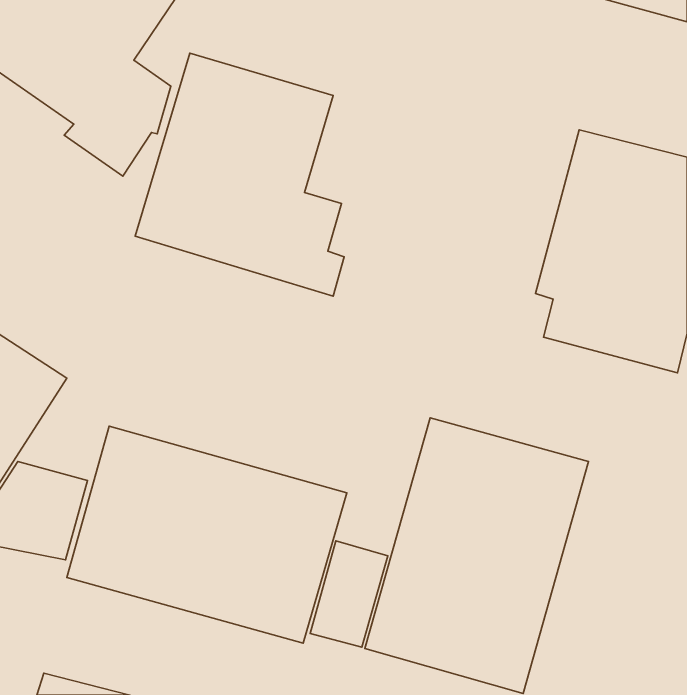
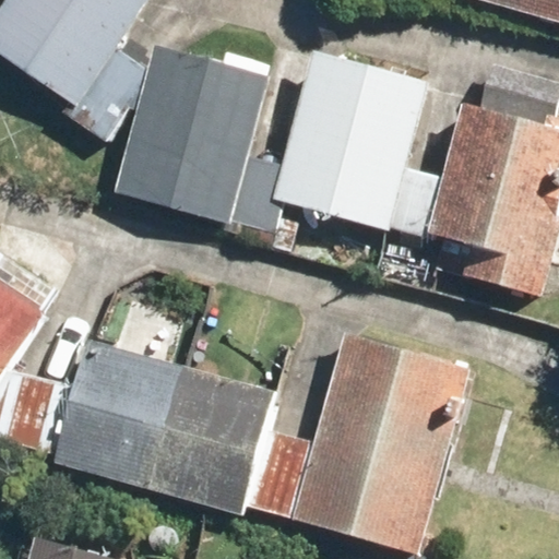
building: none -> [272,47,442,237]

